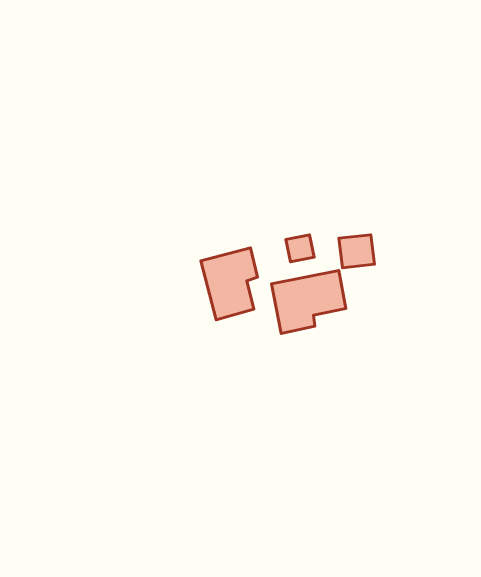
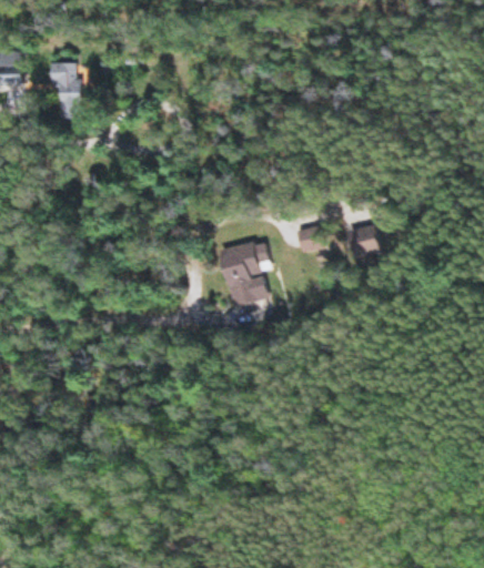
building: none -> [56,63,80,120]
building: [271,270,346,334] -> none

